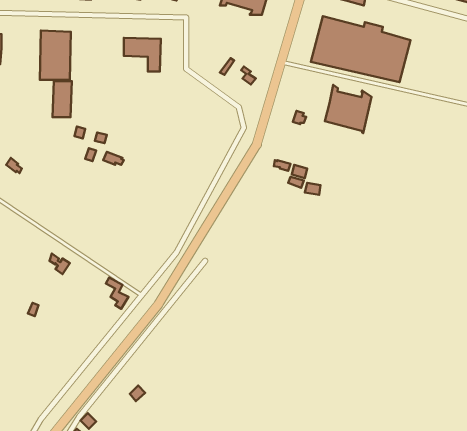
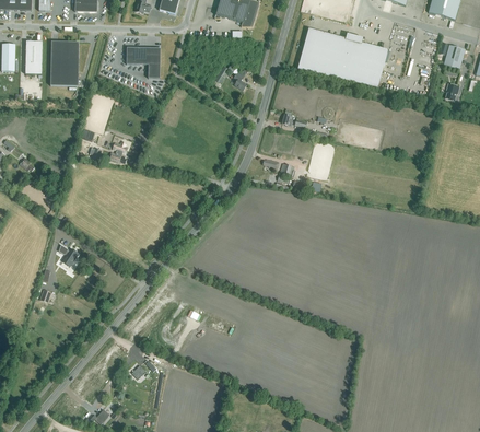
building: [52,81,72,117] -> [25,40,43,73]
building: [325,85,372,133] -> none

